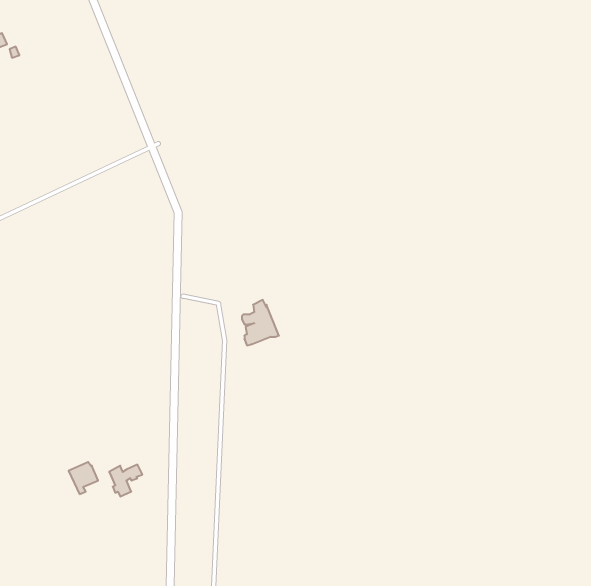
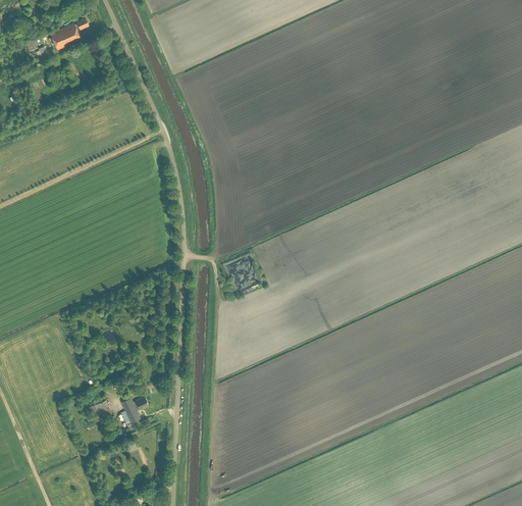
building: none -> [49,18,88,51]

